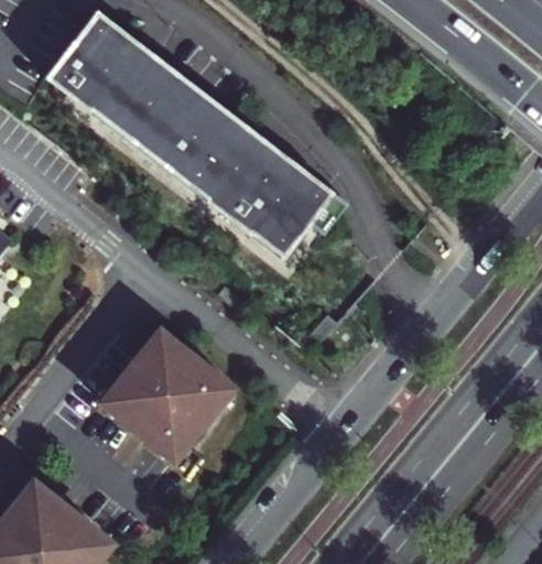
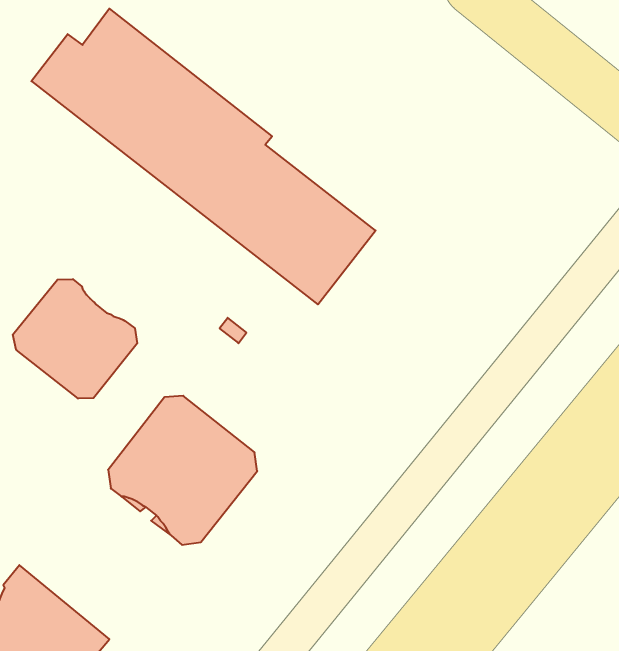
building: none -> [13,279,137,399]

